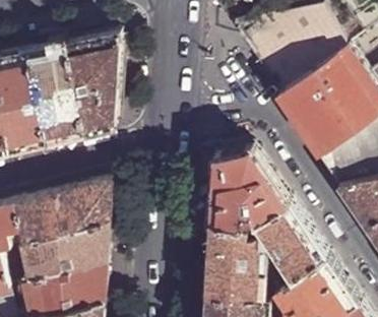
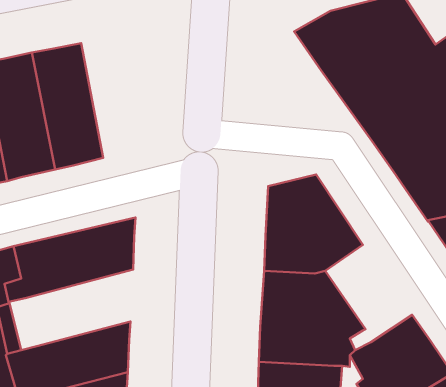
building: [64,36,116,136] -> none
building: [255,204,323,280] -> none
building: [20,224,105,283] -> none

